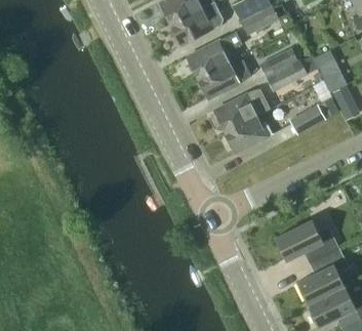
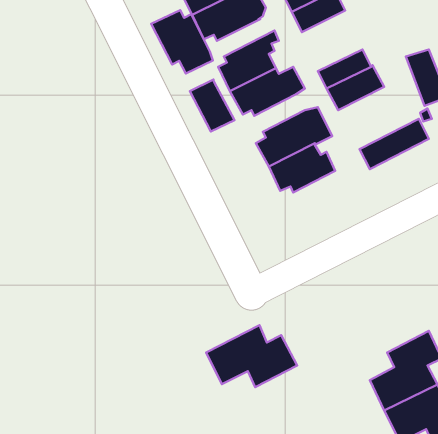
building: none -> [151,10,213,74]
building: none -> [190,80,235,132]
building: [274,219,338,263] -> [206,325,297,387]

